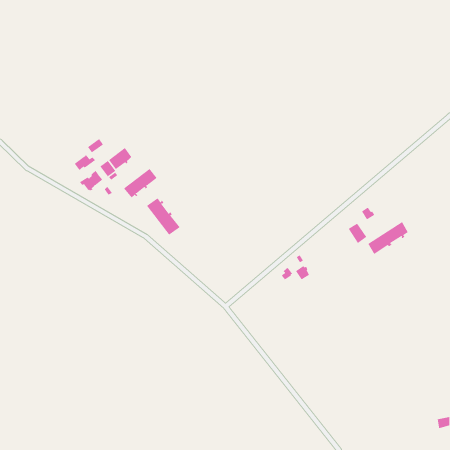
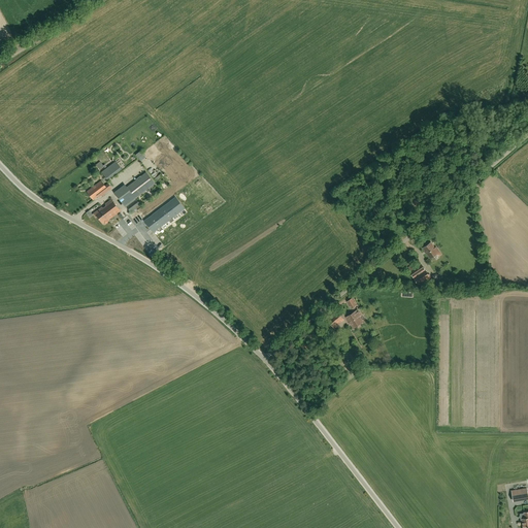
building: [146,198,180,236] -> none
building: [368,221,409,255] -> none

